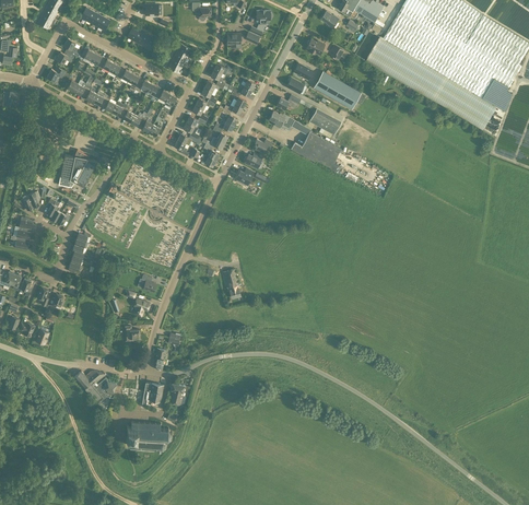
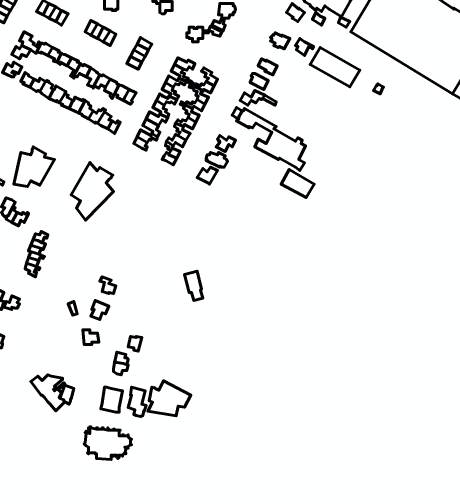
building: [313,70,361,108] -> [310,47,360,87]
building: [308,107,340,134] -> [281,169,314,198]
building: none -> [71,162,114,220]
building: none -> [148,381,191,416]

